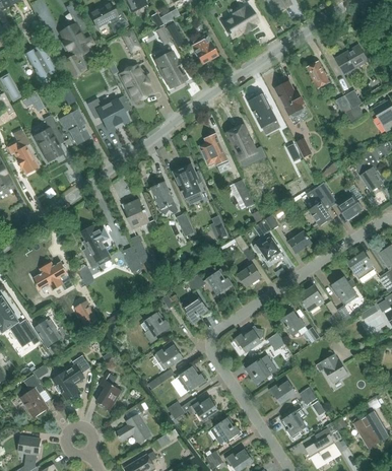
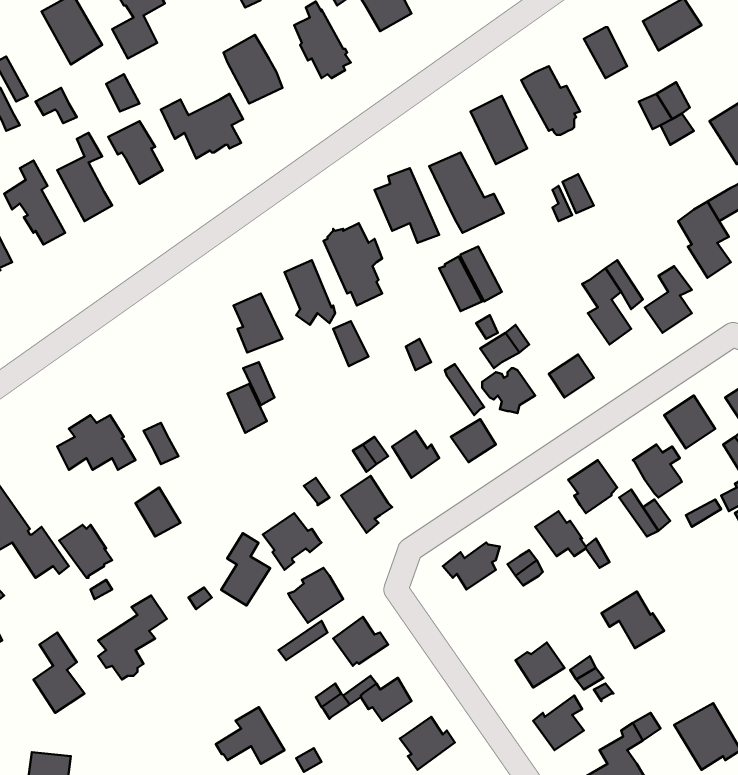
building: [81,225,110,268] -> none
building: [247,354,277,384] -> none
building: [96,372,122,409] -> [221,533,270,606]

